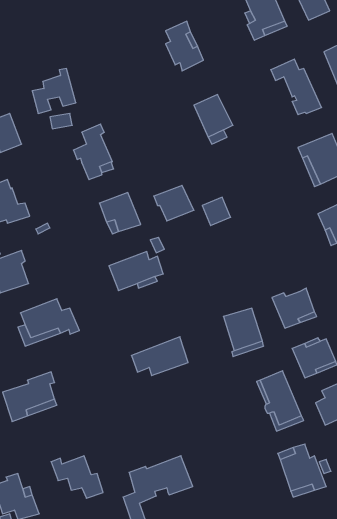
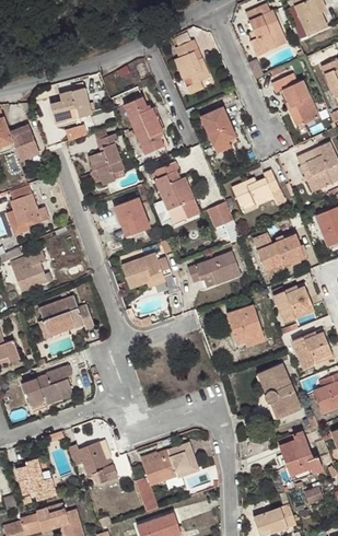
building: none -> [123,97,164,154]
building: none -> [150,162,189,201]
building: none -> [231,171,280,208]
building: none -> [255,235,304,271]
building: [131,337,188,376] -> [187,250,240,287]

